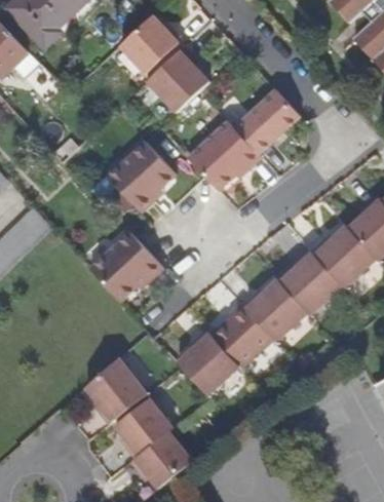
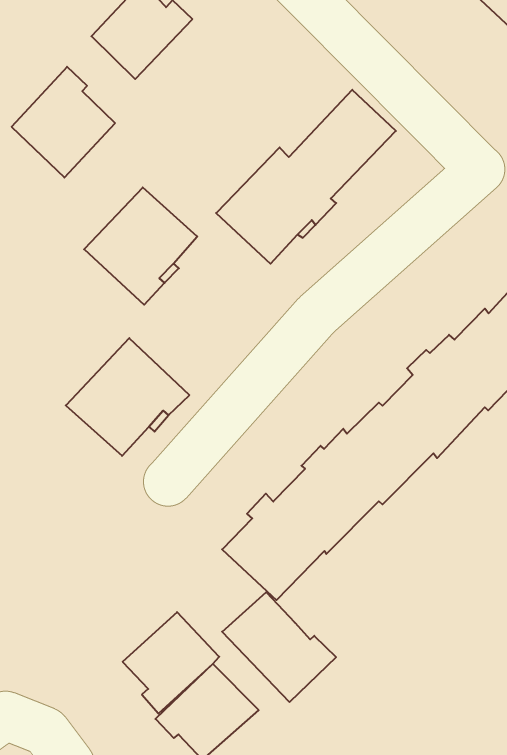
building: [147,46,209,113] -> [12,67,115,178]
building: [84,359,144,424] -> none
building: none -> [222,592,336,702]

